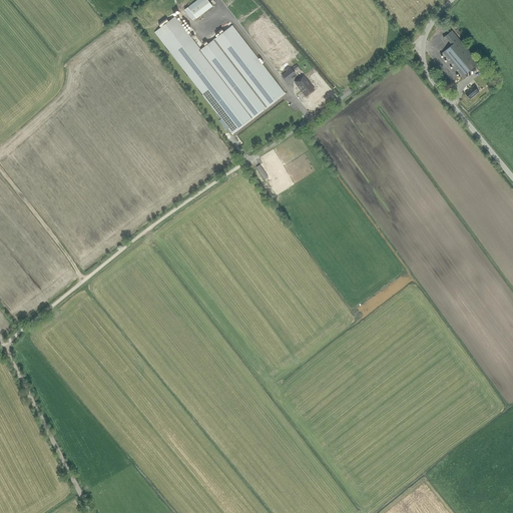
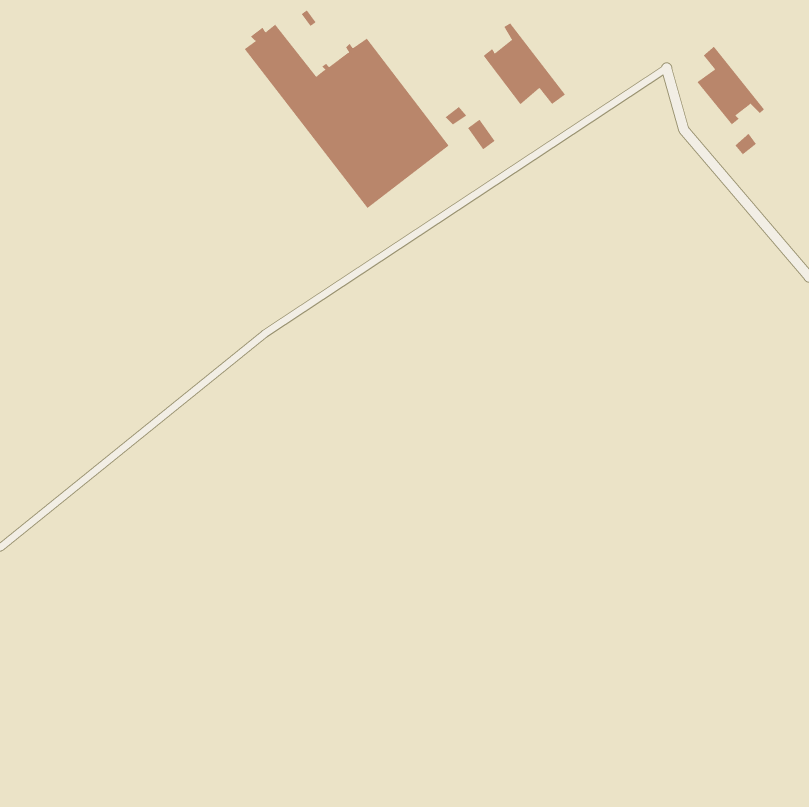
building: none -> [483,23,566,105]

